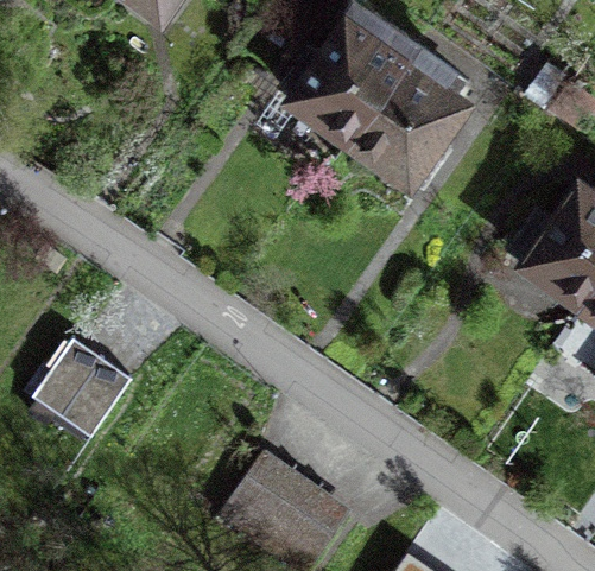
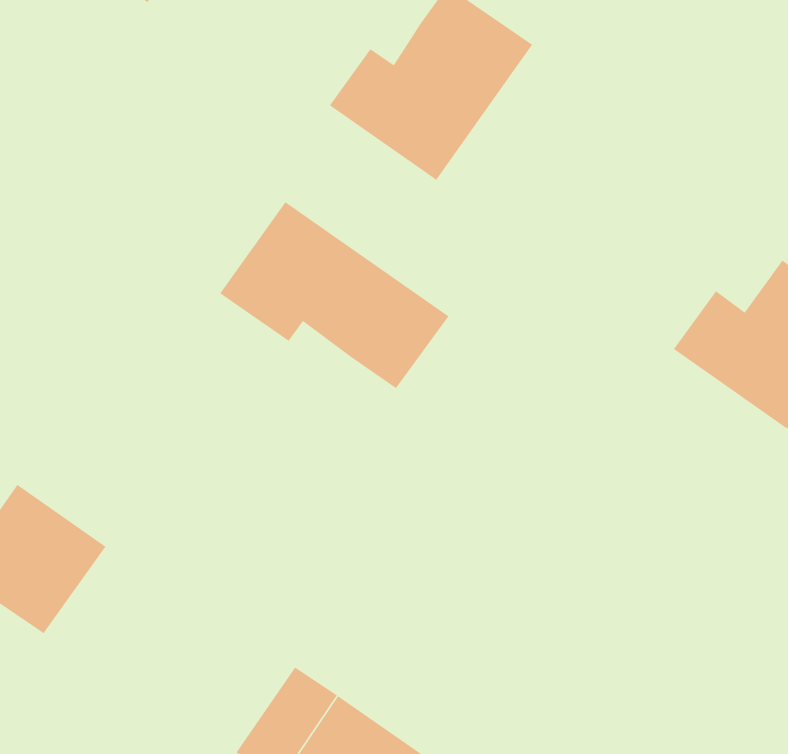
building: [350,47,458,188] -> none
building: none -> [219,201,449,389]

